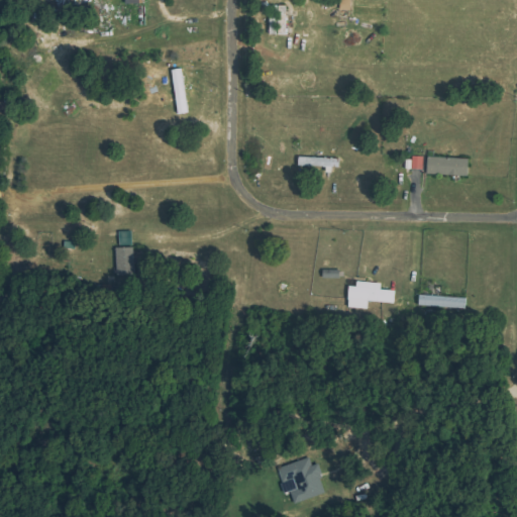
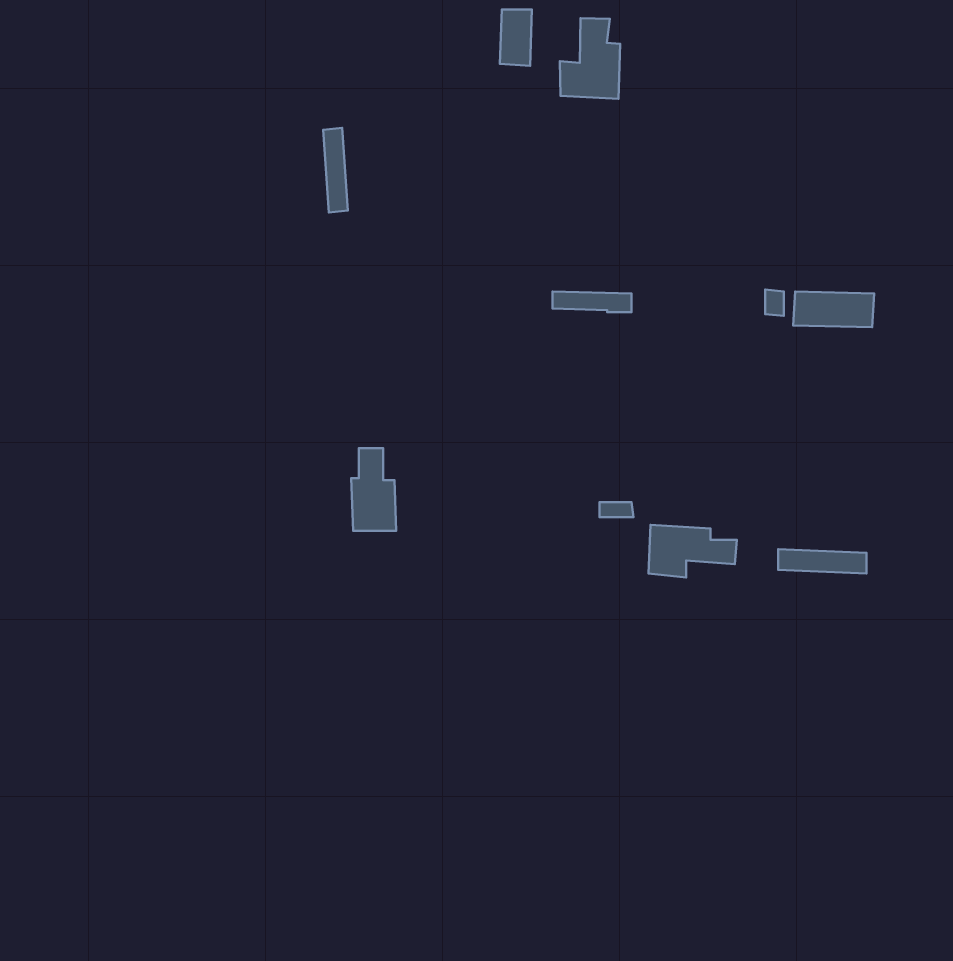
building: none -> [560,18,620,99]
building: [114,231,138,276] -> [351,448,396,531]
building: [276,457,326,504] -> none

